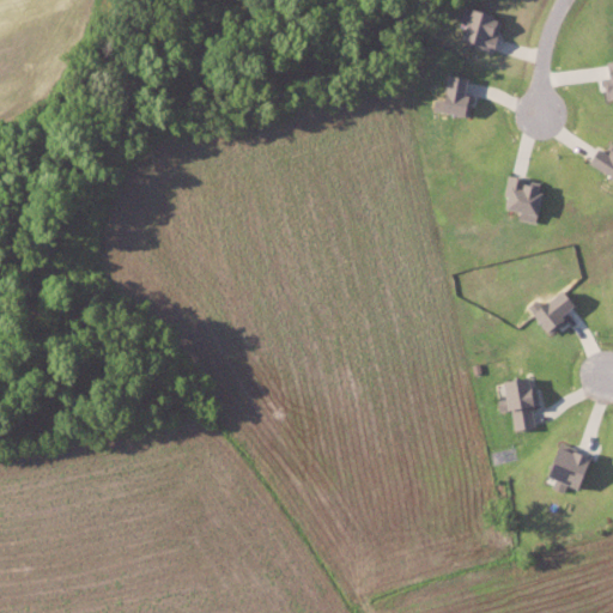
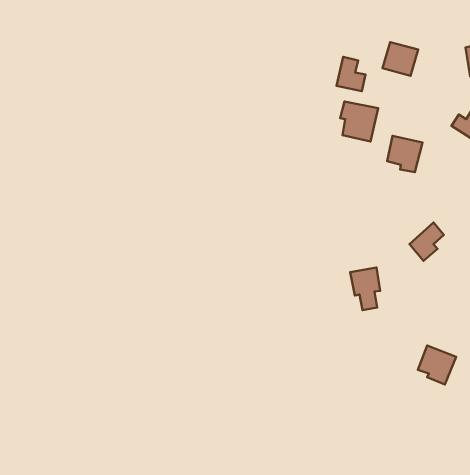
building: [461,8,506,51] -> [383,42,418,76]
building: none -> [340,102,378,141]
building: [503,376,541,431] -> [350,267,380,310]

